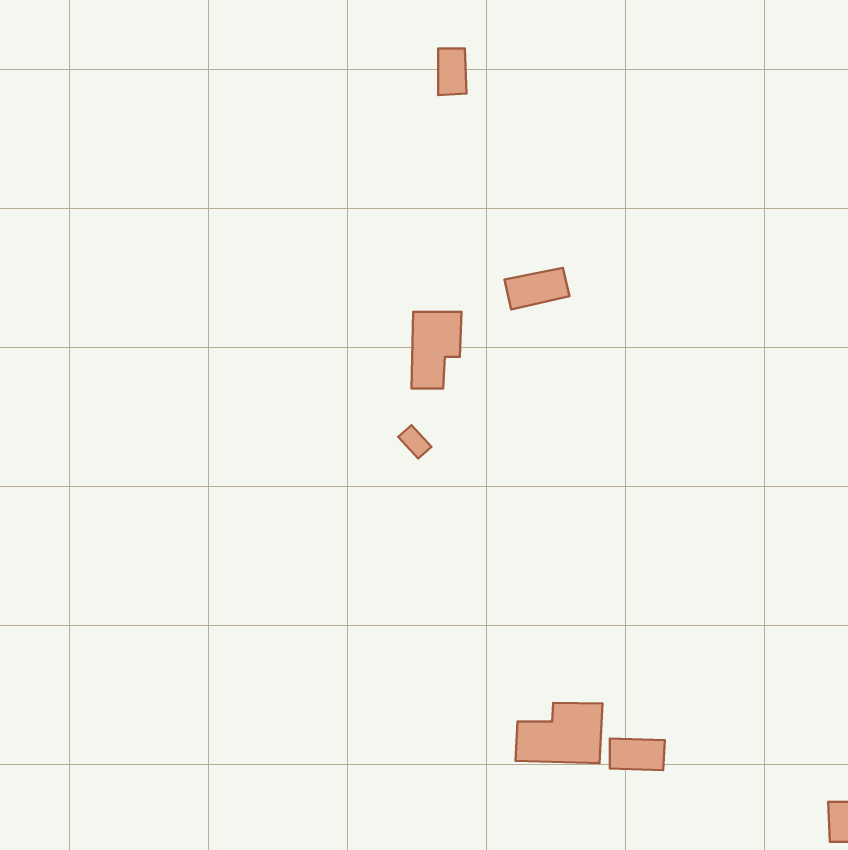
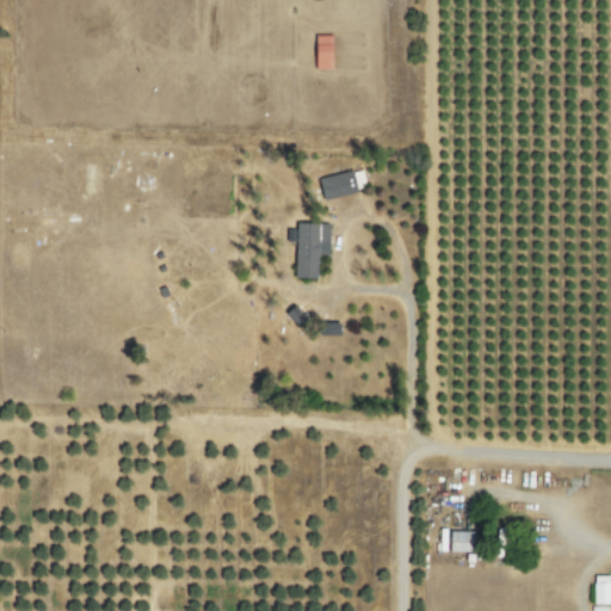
building: [505,268,570,310] -> [321,169,368,199]
building: [516,703,602,763] -> none

